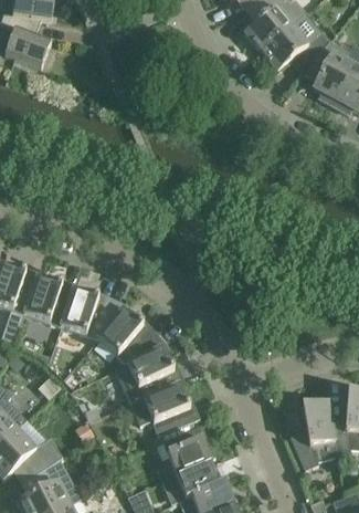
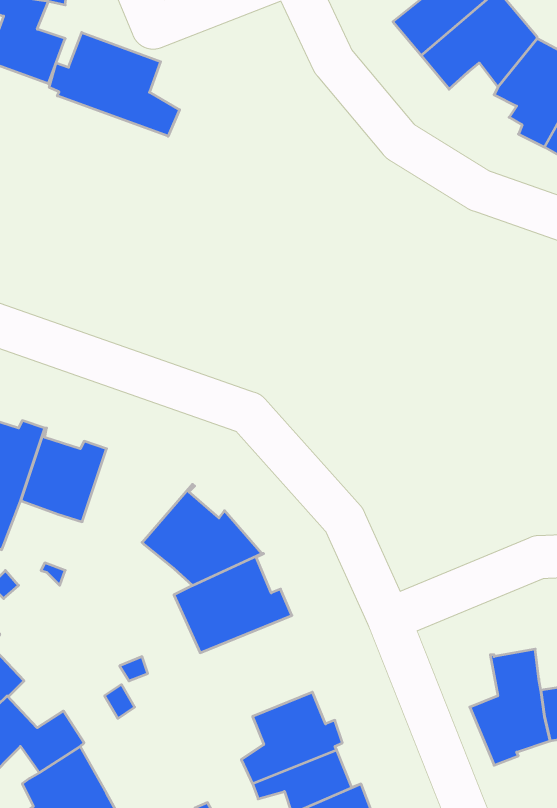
building: none -> [49,32,180,136]
building: [61,283,126,338] -> none
building: [130,381,200,441] -> none

